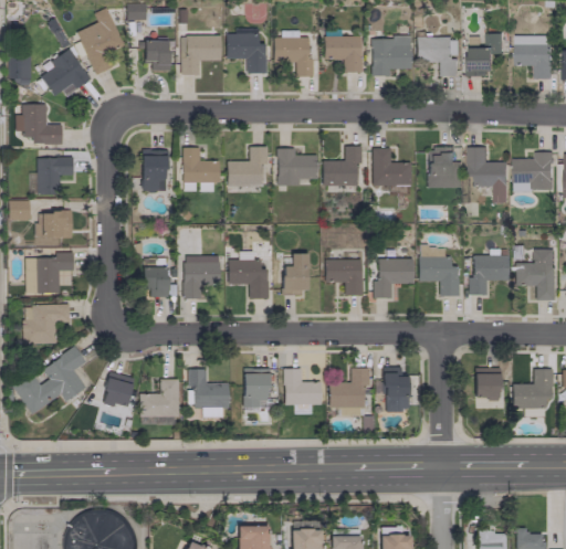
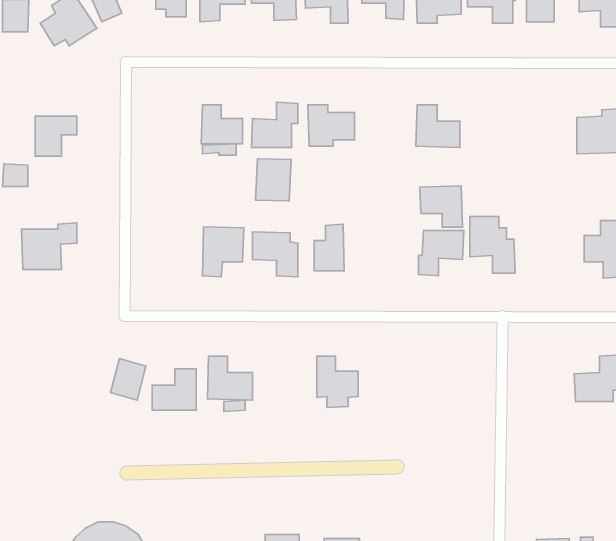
building: [23,104,63,142] -> none
building: [323,146,360,186] -> none
building: [469,147,510,202] -> none
building: [428,148,463,188] -> none
building: [143,149,168,192] -> none
building: none -> [256,159,291,201]
building: [38,211,73,237] -> none
building: [469,255,509,295] -> none
building: [326,258,364,295] -> [420,186,462,227]
building: [143,267,169,297] -> none
building: [23,305,71,344] -> none
building: [13,347,87,414] -> none
building: [377,367,410,411] -> none
building: [329,368,370,415] -> none
building: [476,368,501,400] -> none
building: [244,369,270,405] -> none

